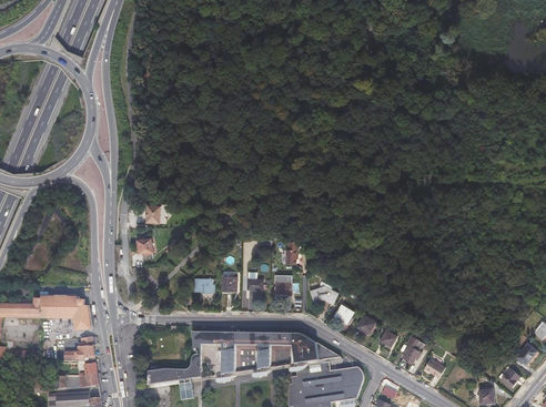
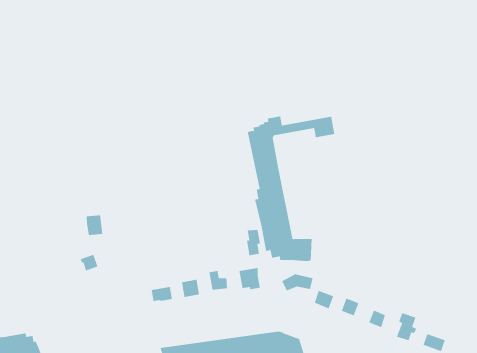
building: none -> [247,116,335,262]

